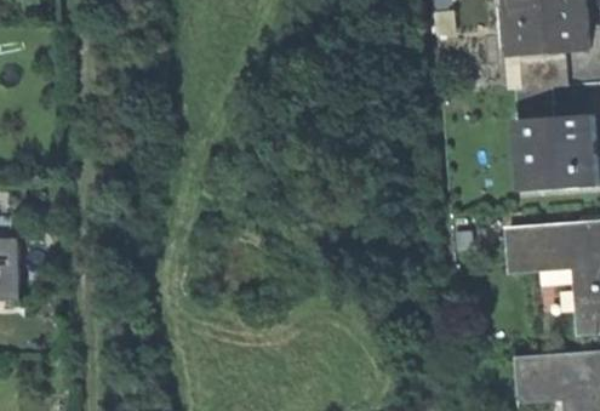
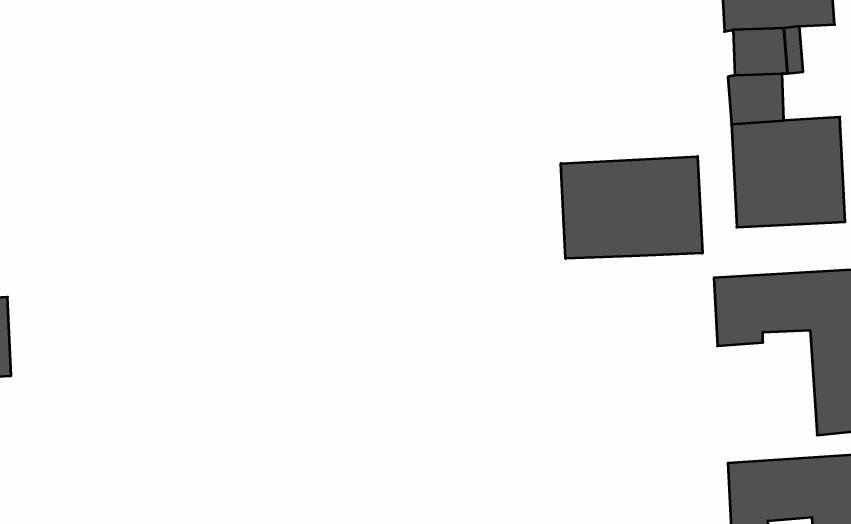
building: none -> [561,156,702,259]

